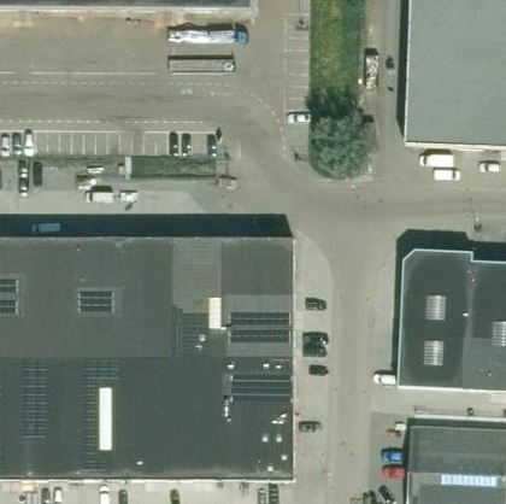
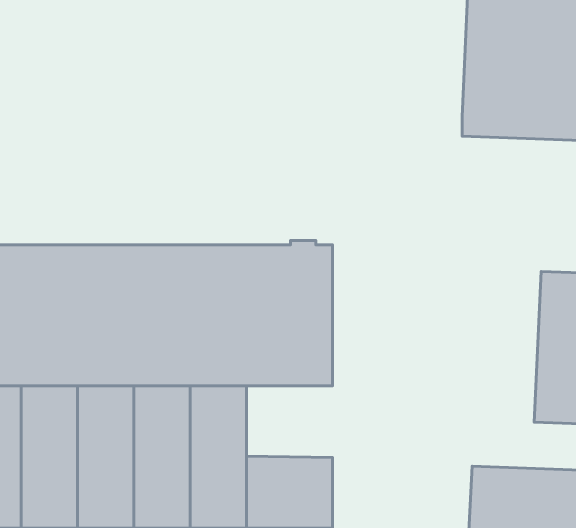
building: [395,248,471,388] -> none
building: [219,357,293,418] -> none

